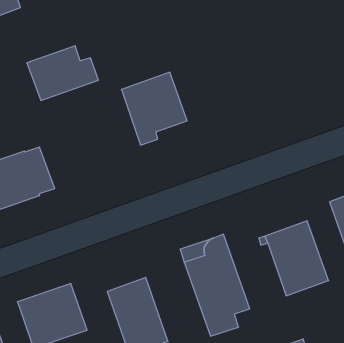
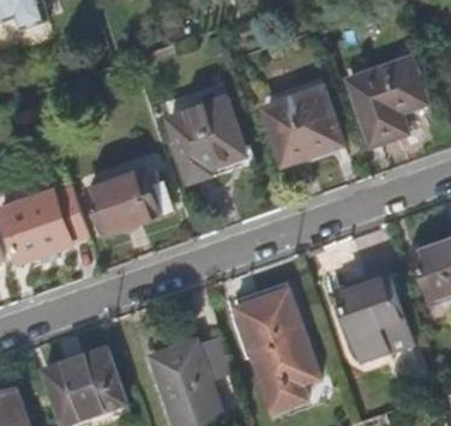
building: none -> [348,59,426,145]
building: [27,46,98,100] -> [86,169,172,234]
building: none -> [264,89,341,163]

